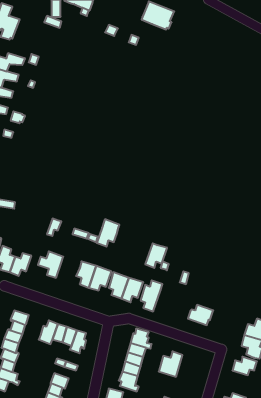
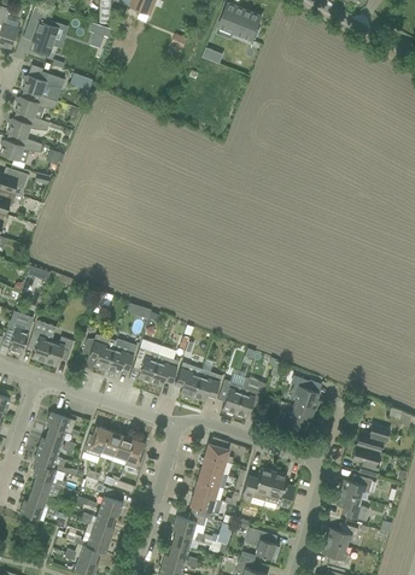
building: [97,219,119,247] -> [105,339,135,375]
building: [145,243,167,268] -> [234,387,263,419]
building: none -> [288,379,317,413]
building: none -> [264,473,293,509]
building: none -> [335,493,368,522]

